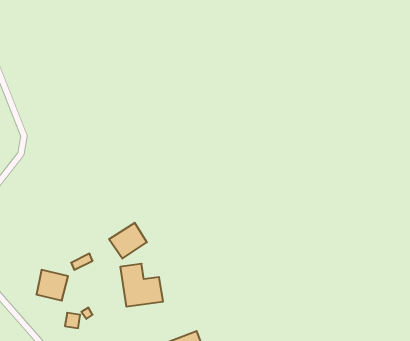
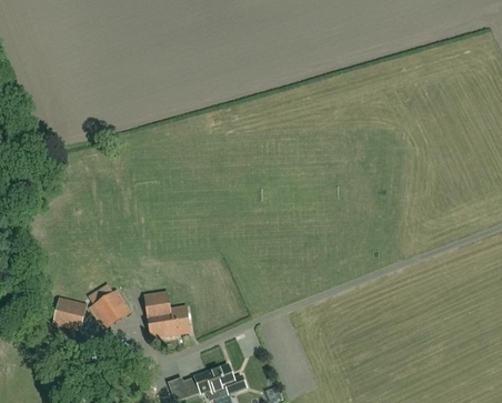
building: [109,223,147,259] -> [89,290,130,329]

